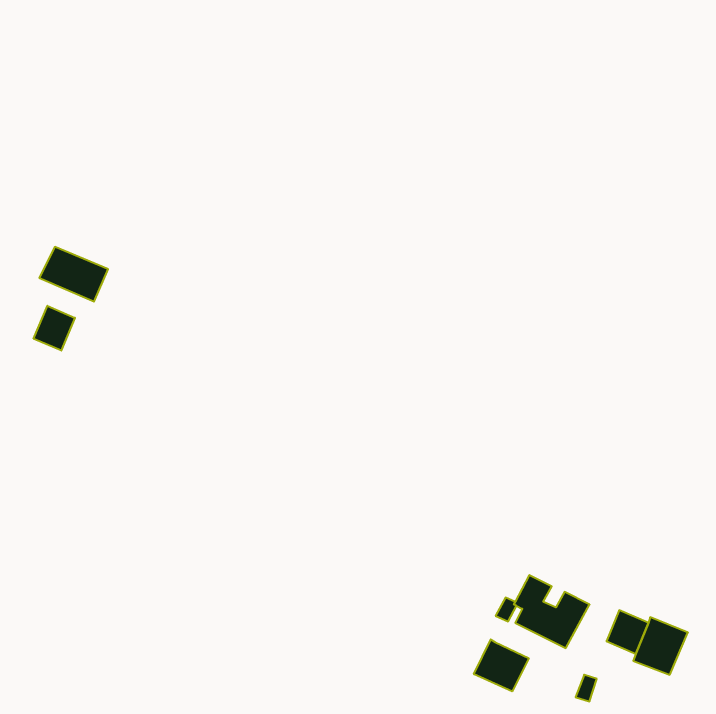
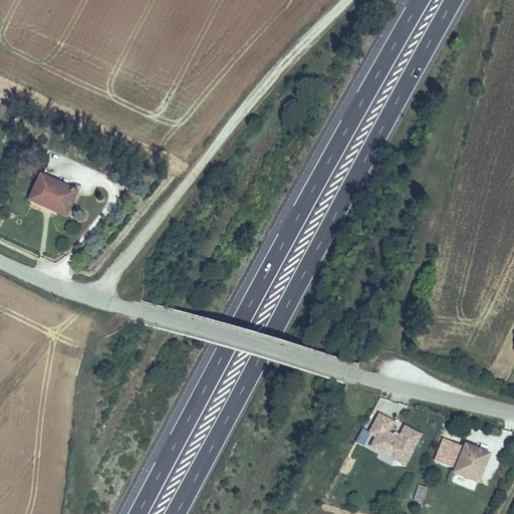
building: [34,306,75,351] -> none
building: [474,639,529,691] -> none

